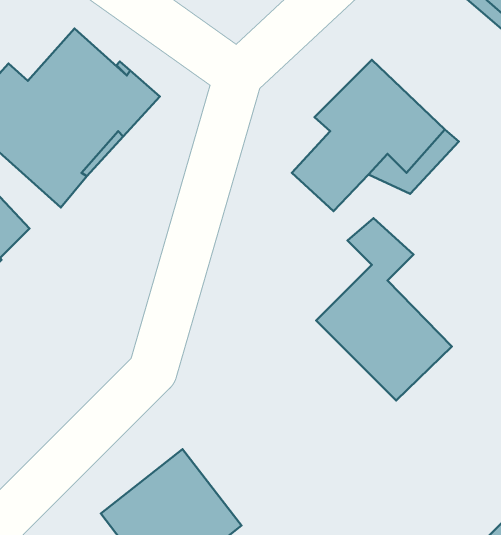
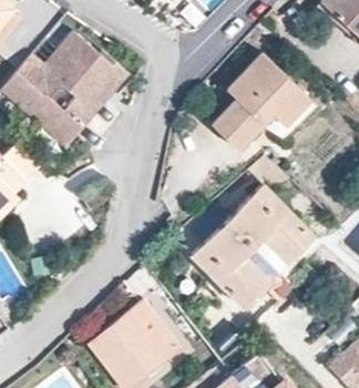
building: none -> [191,219,278,306]

